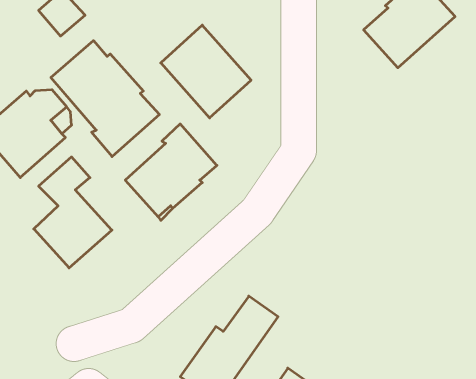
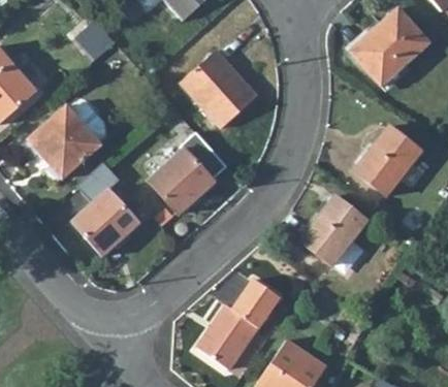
building: [51,41,159,157] -> none
building: none -> [354,126,422,195]
building: none -> [300,195,369,265]

